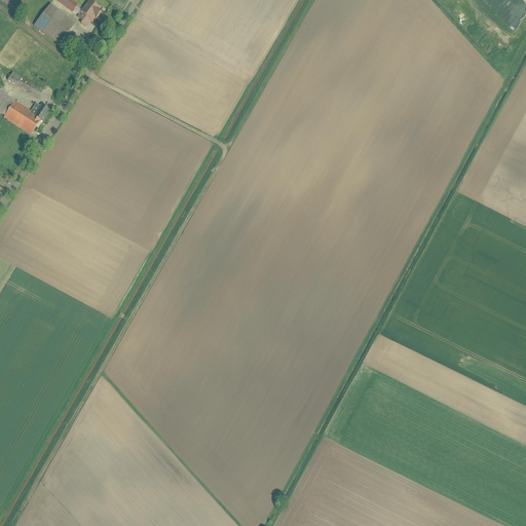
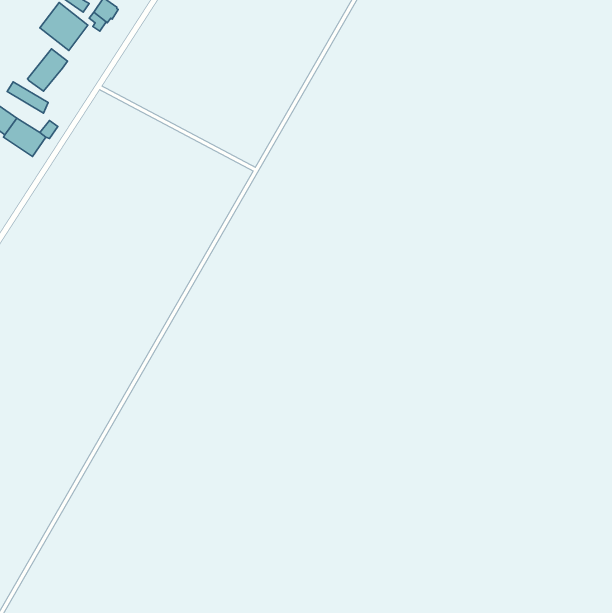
building: none -> [28,49,67,91]

